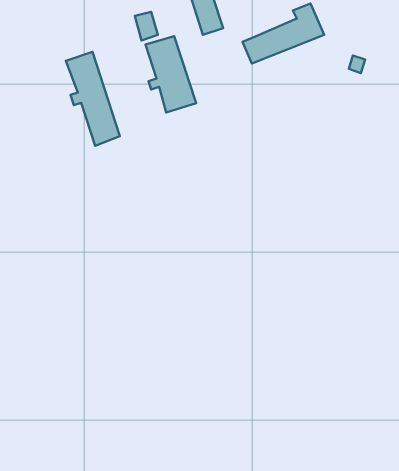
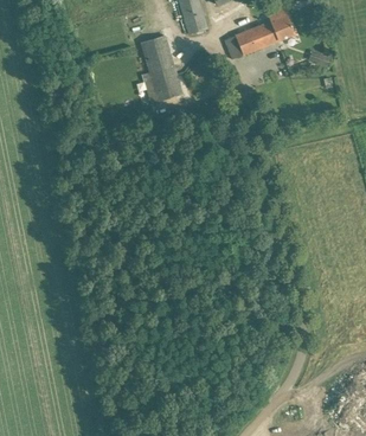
building: [66,52,120,146] -> none

